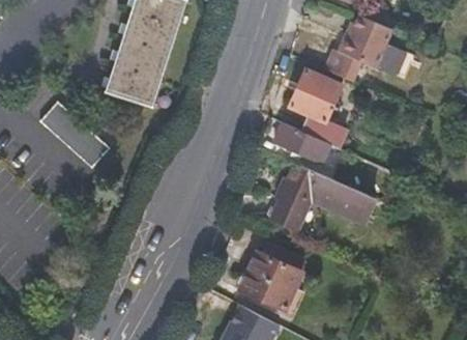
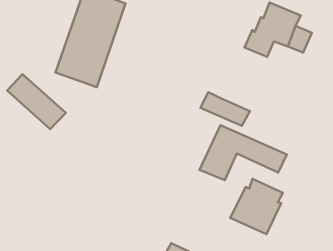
building: [291,70,347,149] -> none
building: [239,243,302,309] -> [230,179,283,234]

